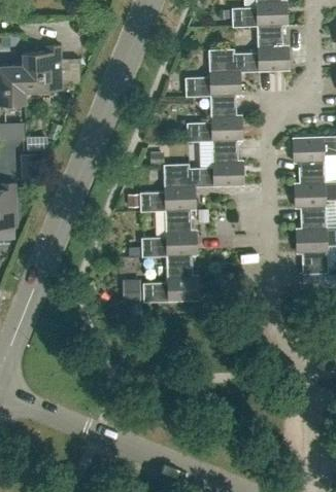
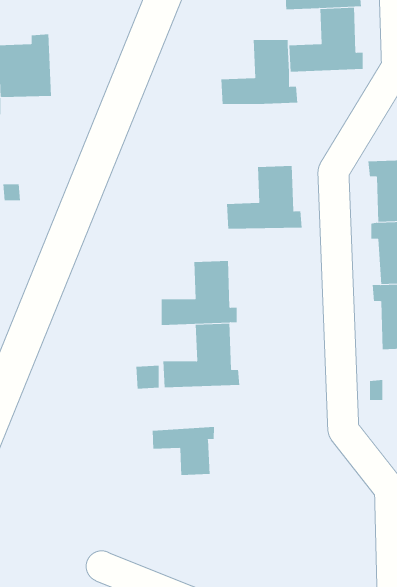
building: [188,96,243,142] -> none
building: [140,164,197,212] -> none
building: none -> [152,426,214,476]

